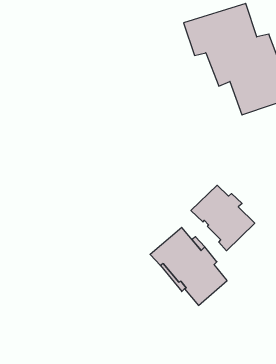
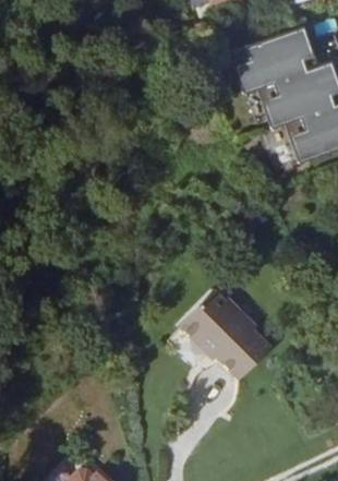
building: [191,185,255,251] -> none

